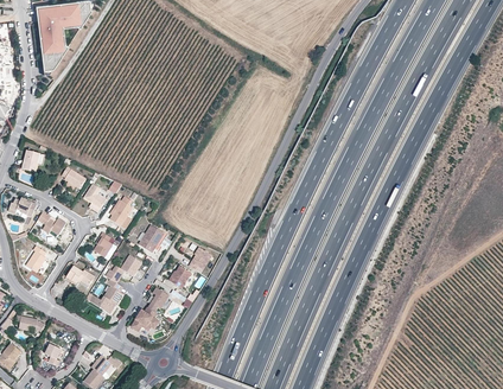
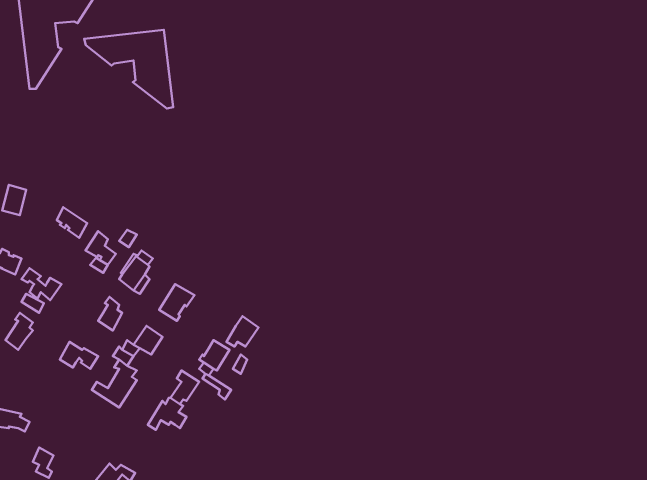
building: none -> [84,30,173,109]

